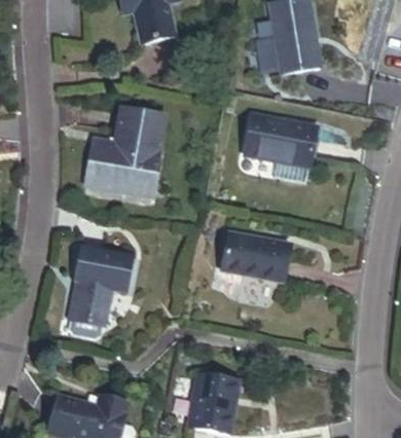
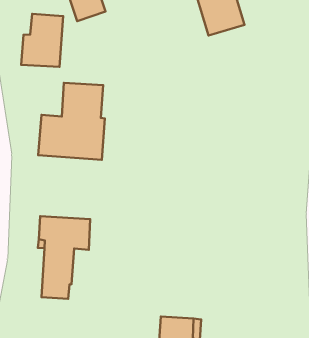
building: none -> [21,14,63,67]
building: [244,114,316,165] -> none
building: [221,231,288,293] -> none

